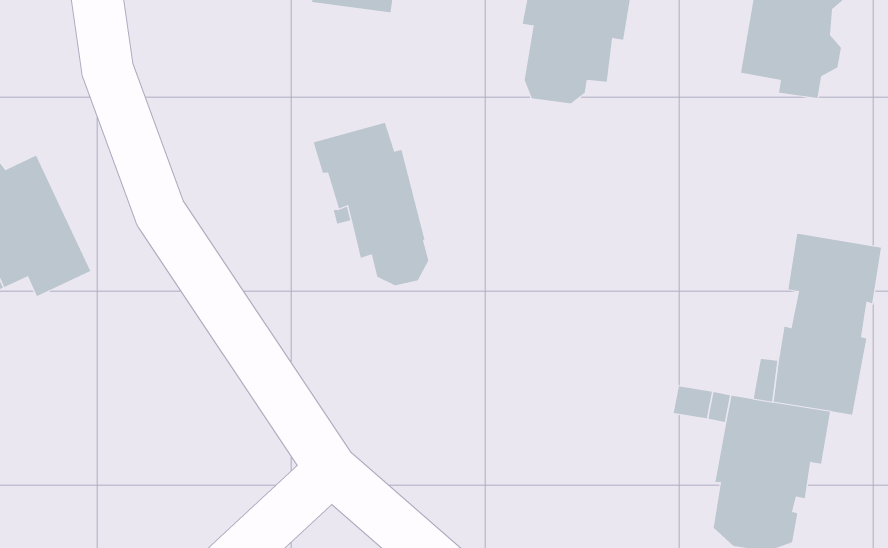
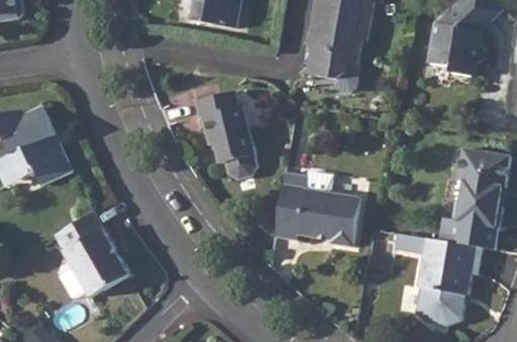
building: none -> [275,170,360,247]
building: none -> [54,214,128,297]

